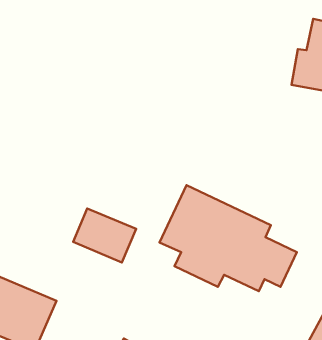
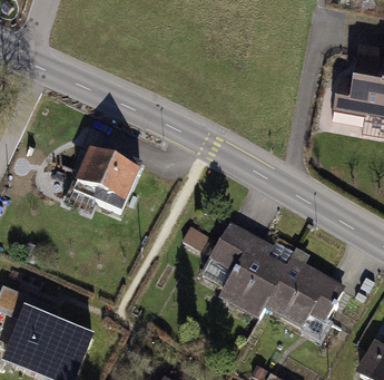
building: [73,208,136,262] -> [72,149,137,205]

